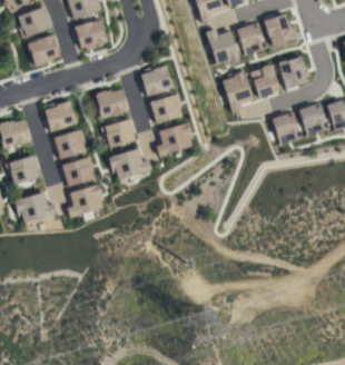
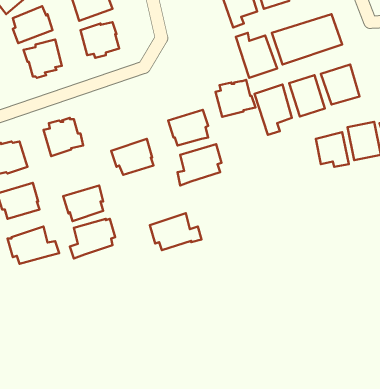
building: [140,65,174,96] -> [215,80,255,117]
building: [95,89,128,118] -> none
building: [52,129,86,159] -> none
building: [108,148,151,179] -> [150,213,202,250]

